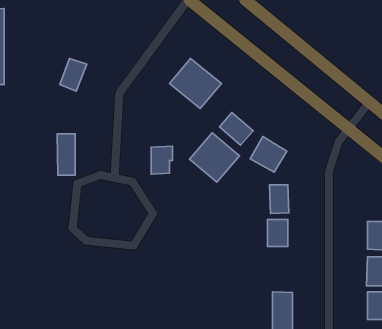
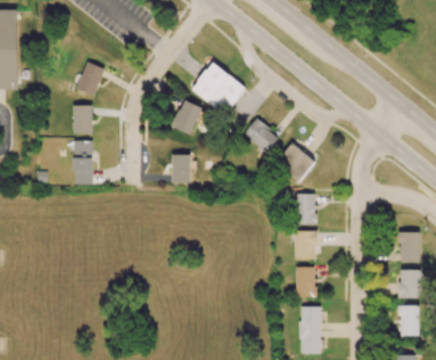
building: none -> [172,99,203,134]
building: none -> [74,105,93,133]
building: [189,133,240,182] -> none
building: none -> [296,266,316,297]

